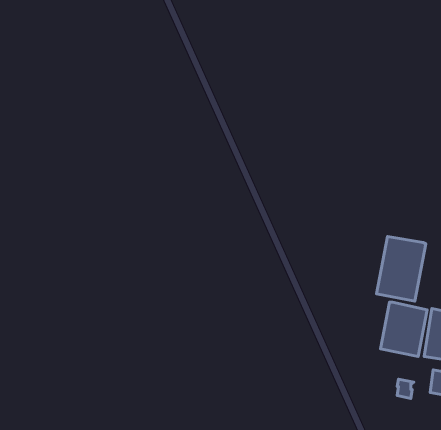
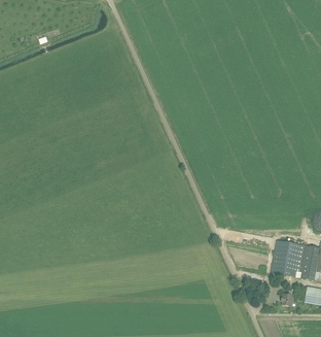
building: [376,237,426,301] -> none

